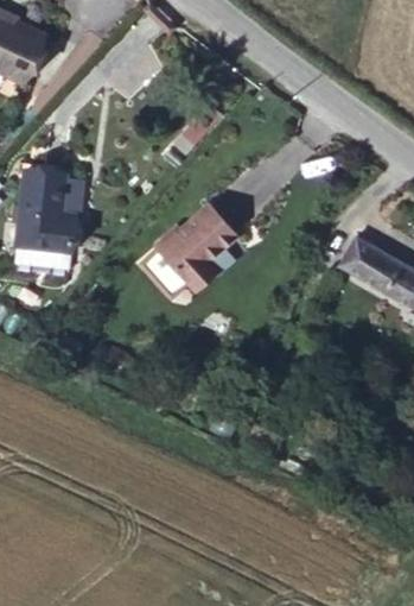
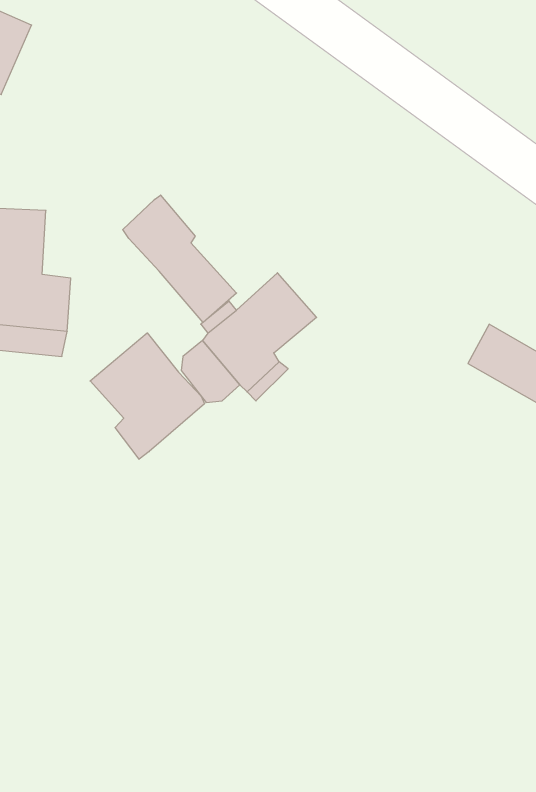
building: none -> [123,195,237,322]
building: none -> [90,333,204,459]

